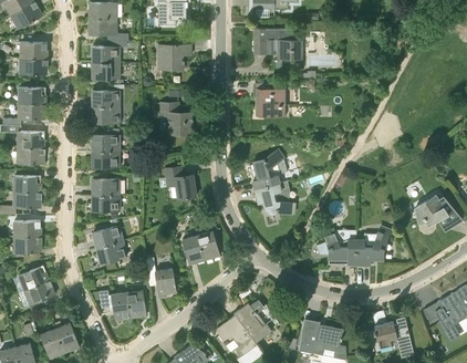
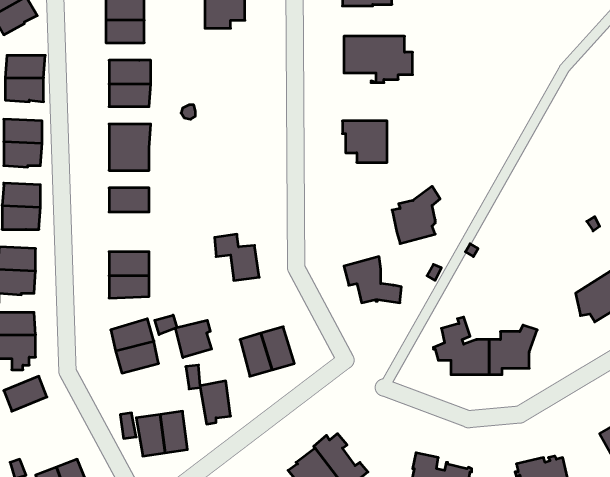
building: [158,44,191,71] -> none
building: [160,103,191,134] -> none
building: [249,149,282,189] -> [392,186,440,244]
building: [92,152,120,167] -> none
building: none -> [155,315,212,358]
building: [24,280,55,313] -> none

